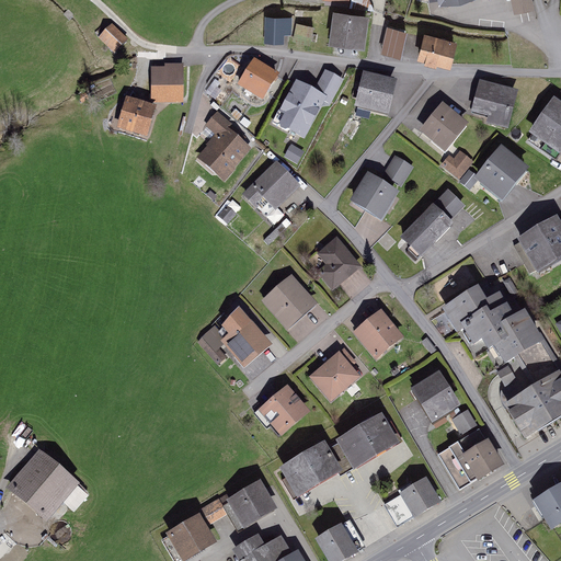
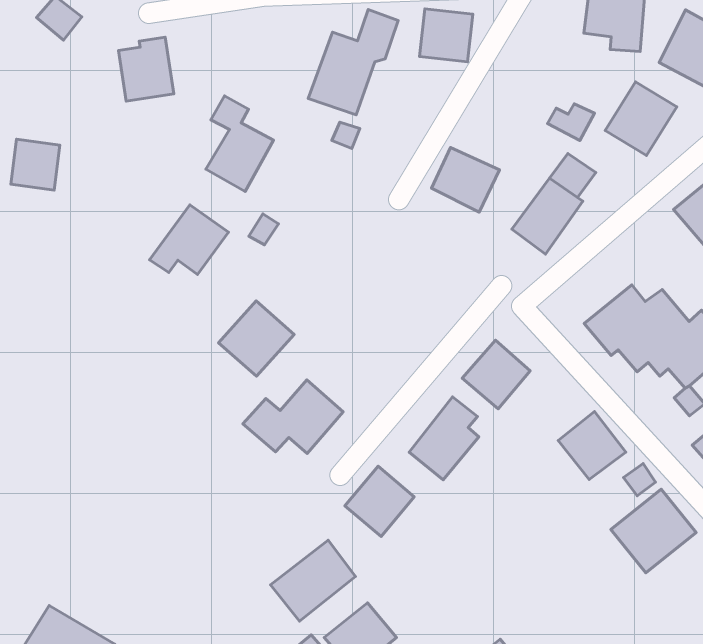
building: [238,57,279,100] -> none
building: [108,99,147,138] -> [11,139,60,190]
building: [422,102,469,149] -> none
building: [385,153,414,184] -> none
building: [239,162,297,211] -> [150,205,229,274]
building: [313,237,358,290] -> none
building: [259,276,312,329] -> [218,301,294,376]
building: [340,414,399,465] -> none
building: [282,442,342,495] -> [271,540,356,621]
building: [386,477,443,525] -> none

